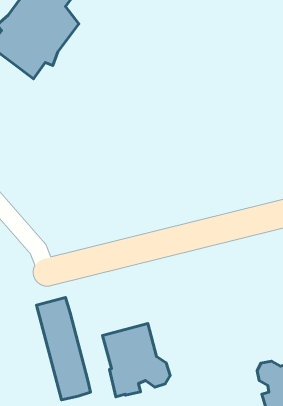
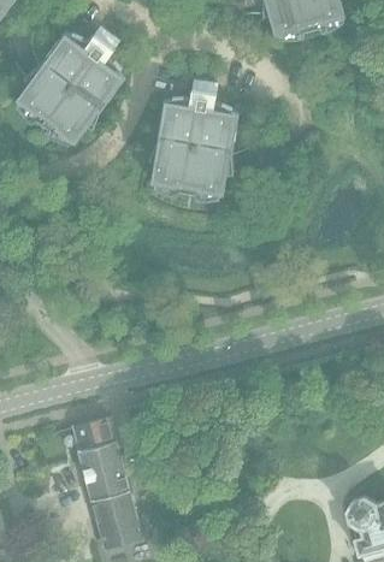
building: none -> [148,81,240,199]
building: [103,324,170,397] -> none

